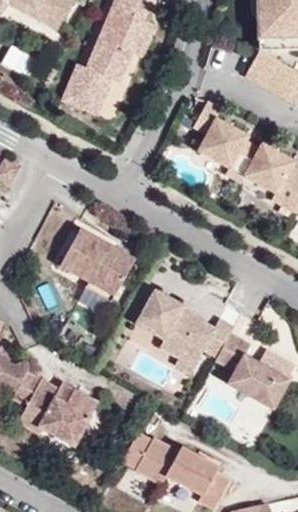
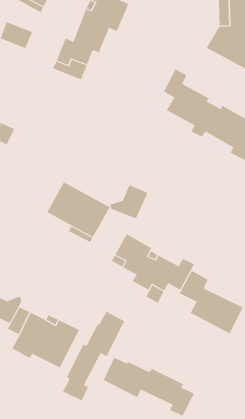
building: none -> [109,184,148,219]
building: none -> [62,311,125,401]

